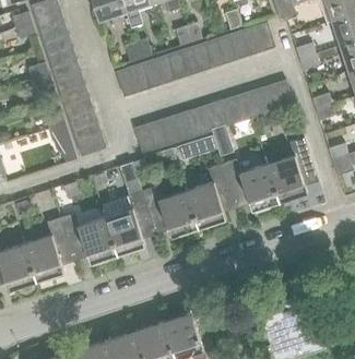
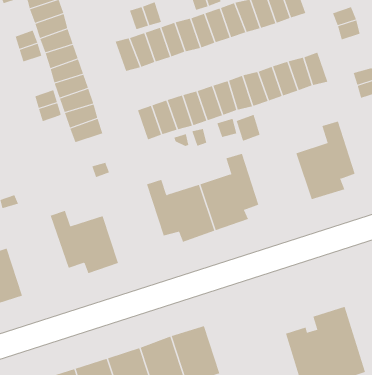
building: [221,159,279,213] -> none
building: [104,191,154,258] -> none
building: [23,217,74,285] -> none

